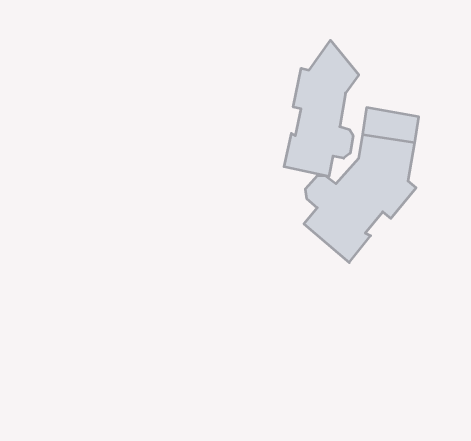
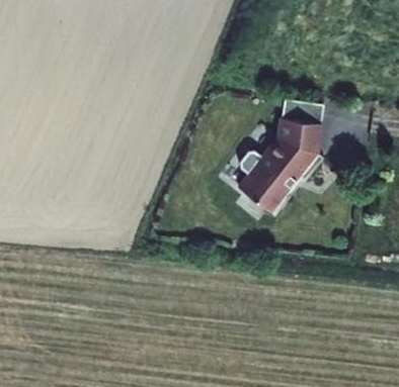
building: [284,40,359,177] -> none

